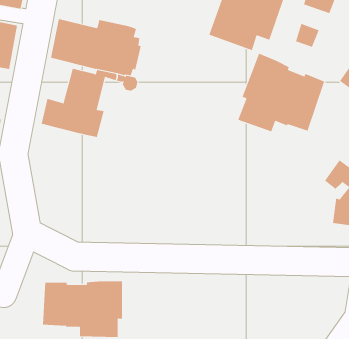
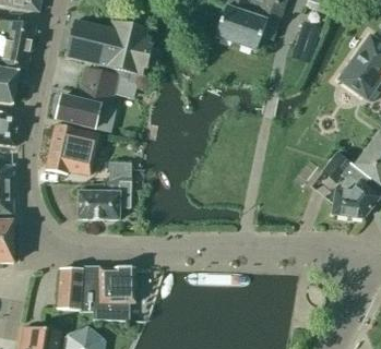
building: [238,53,325,132] -> none
building: none -> [46,123,99,174]
building: none -> [78,161,131,219]

